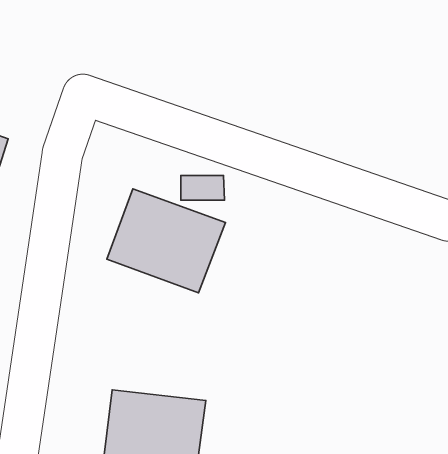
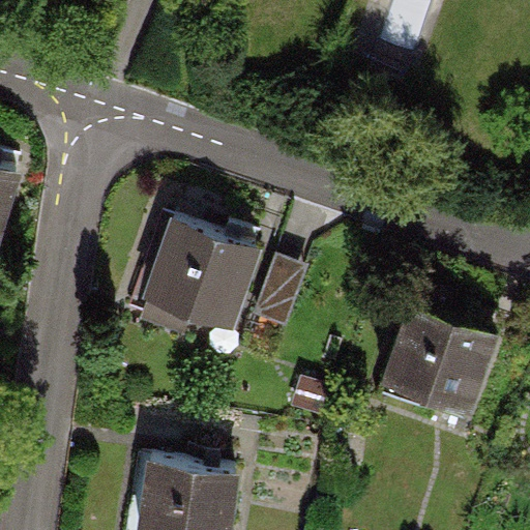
building: none -> [391,314,512,415]

